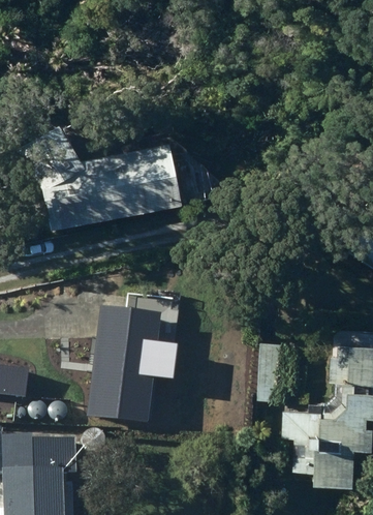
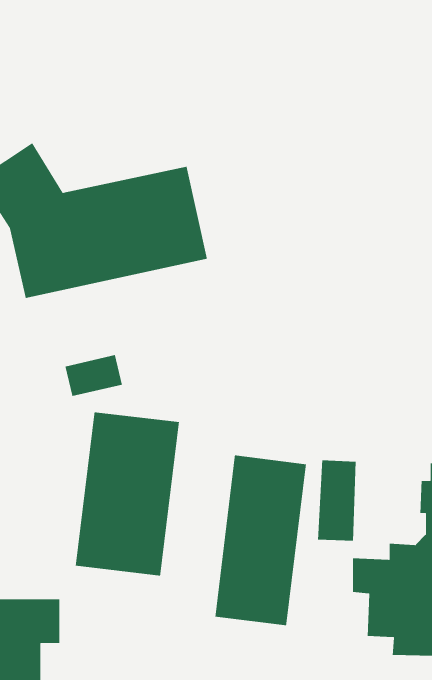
building: none -> [214,455,307,626]

